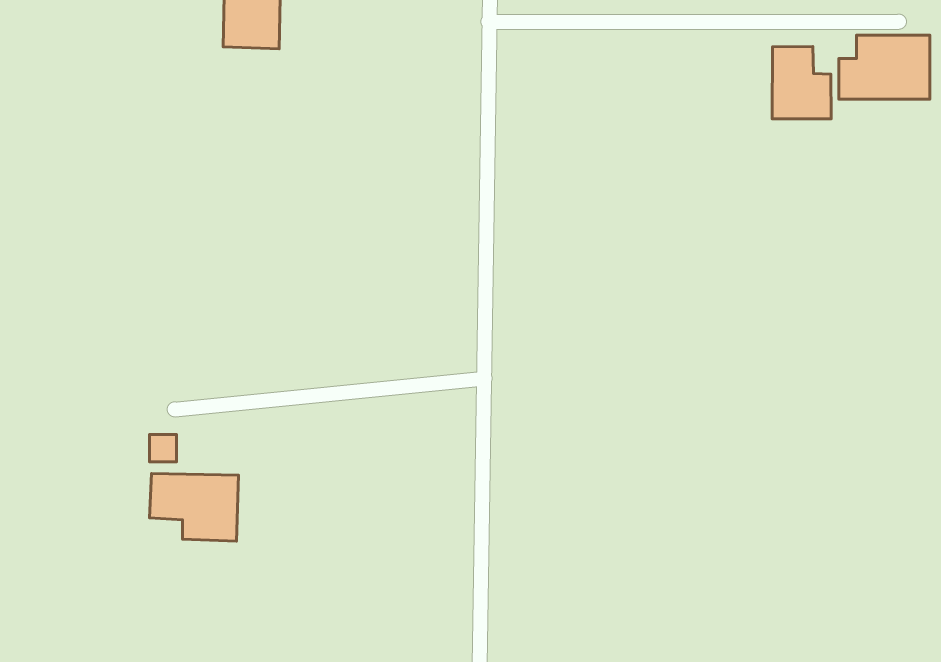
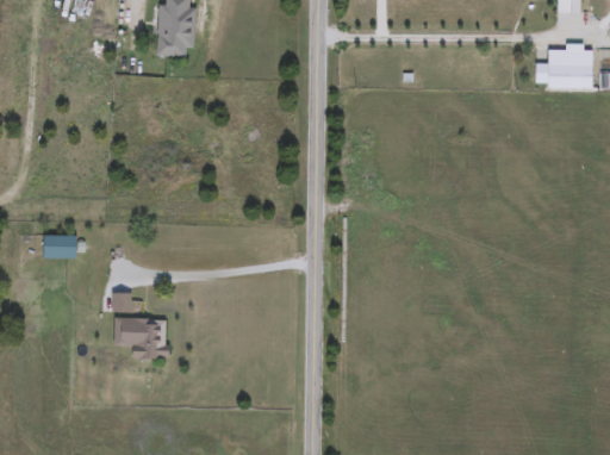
building: [772,46,831,119] -> none
building: none -> [43,233,76,257]

